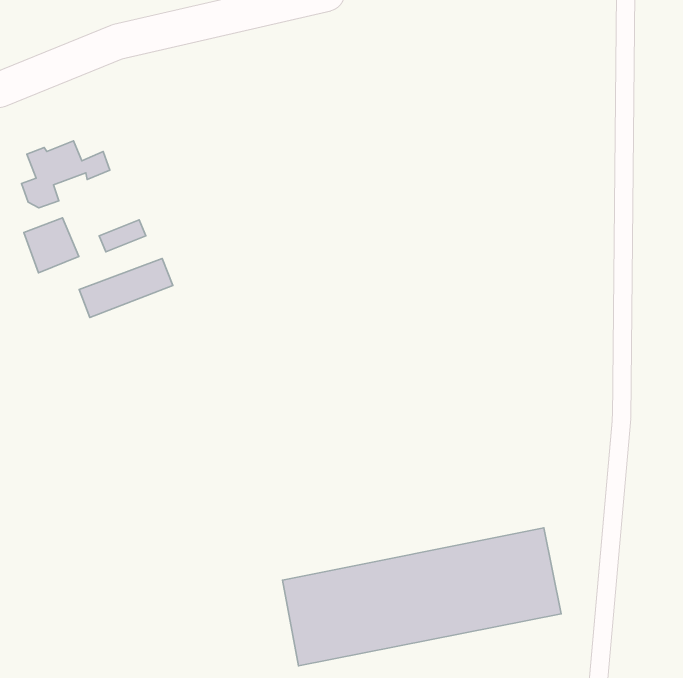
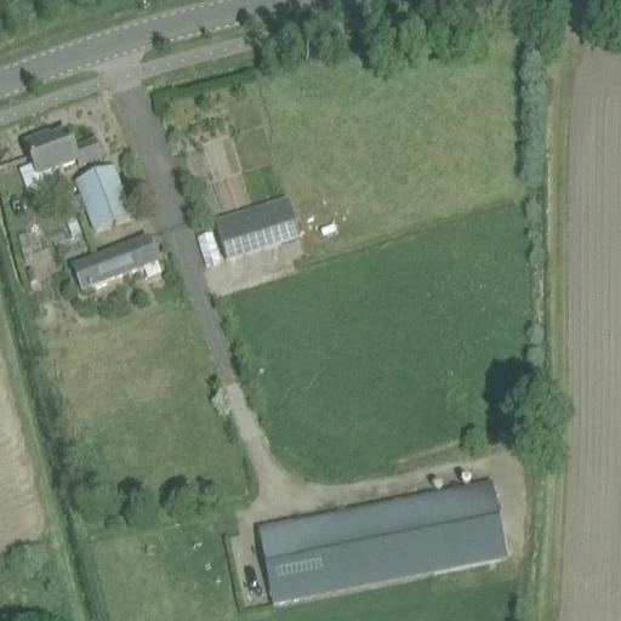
building: none -> [213,195,300,256]
building: [24,218,79,273] -> [76,164,126,213]

